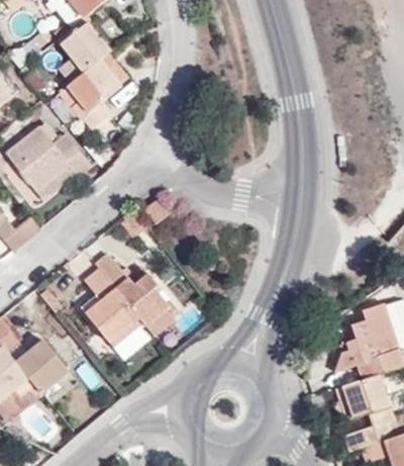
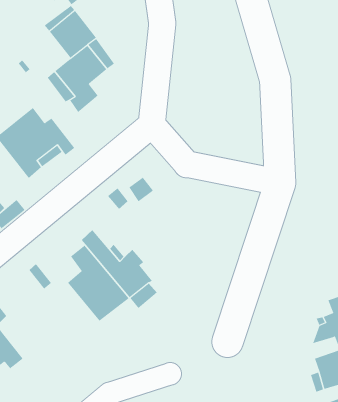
building: [14,340,68,394] -> none

